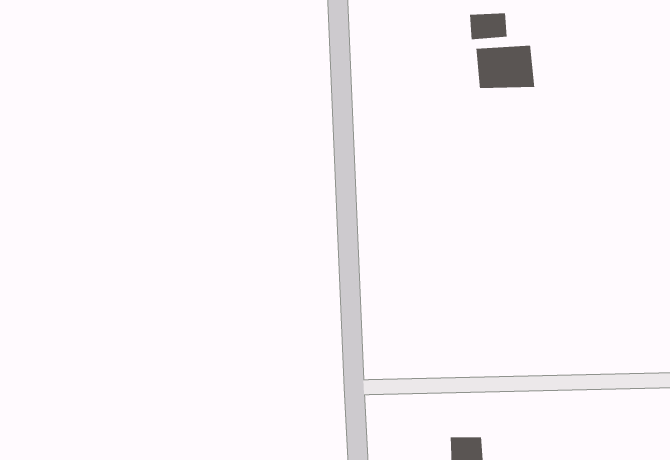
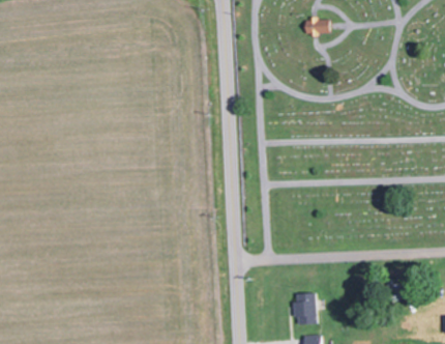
building: [476,45,535,89] -> none

